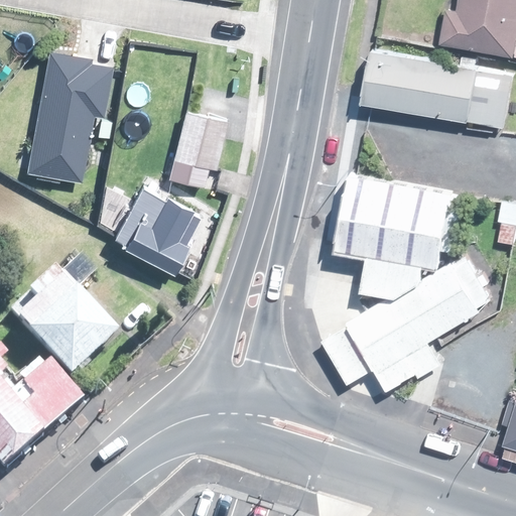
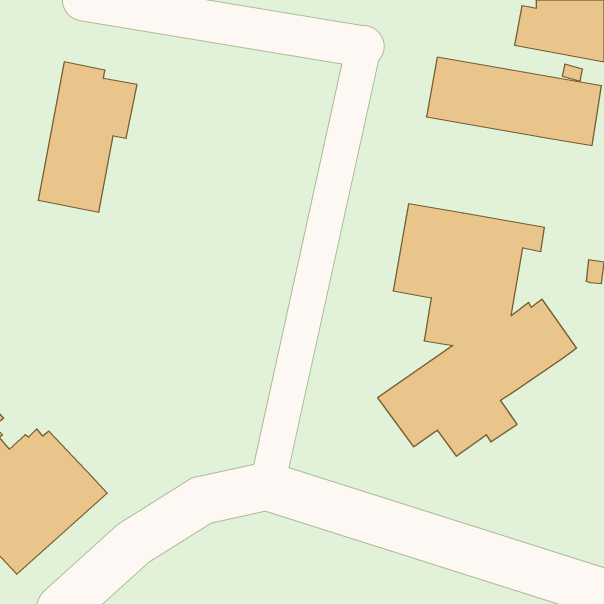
building: [170,114,219,187] -> none
building: [110,186,207,276] -> none
building: [5,263,111,382] -> none

